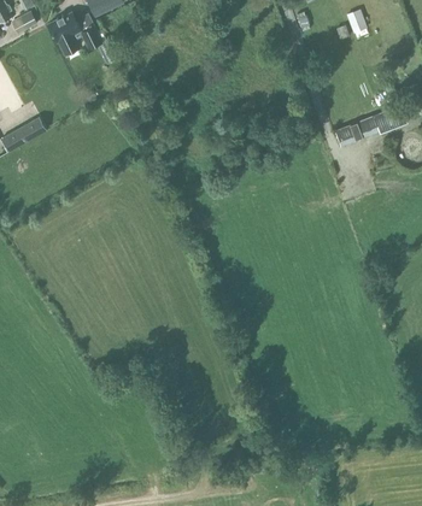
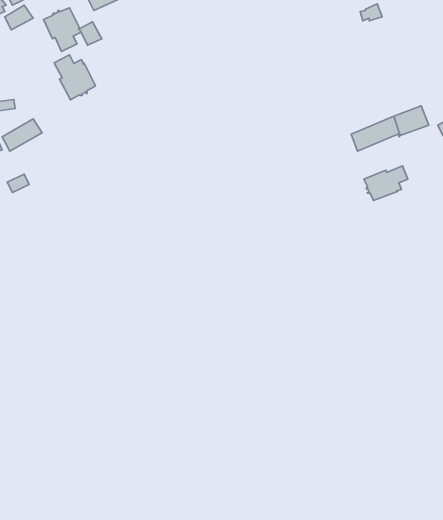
building: none -> [54,55,95,100]
building: none -> [364,166,408,201]

